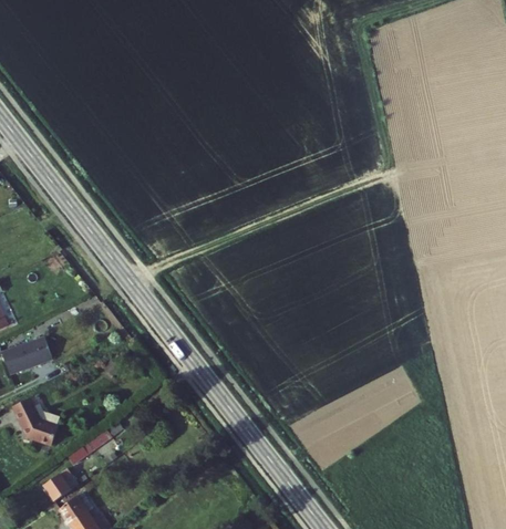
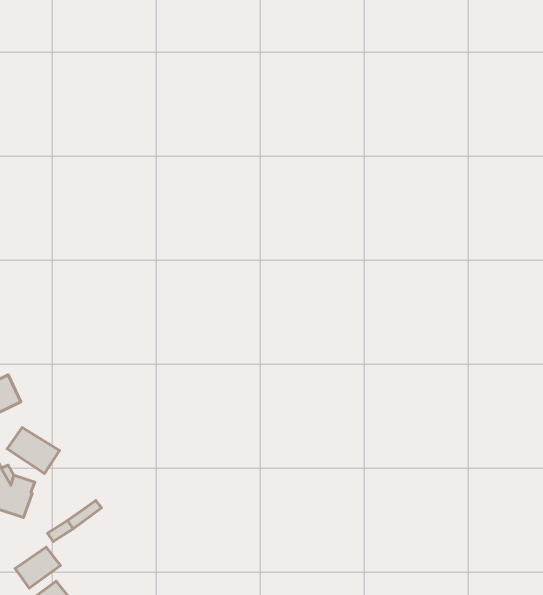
building: none -> [7,428,59,474]

